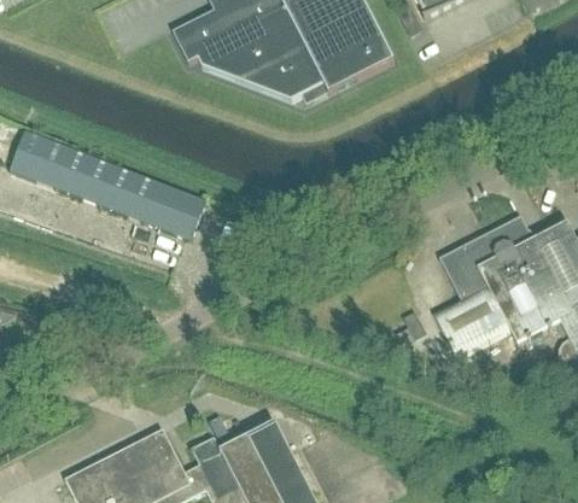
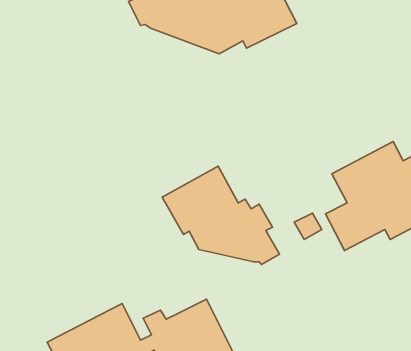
building: [10,130,205,238] -> none
building: none -> [162,166,280,264]

